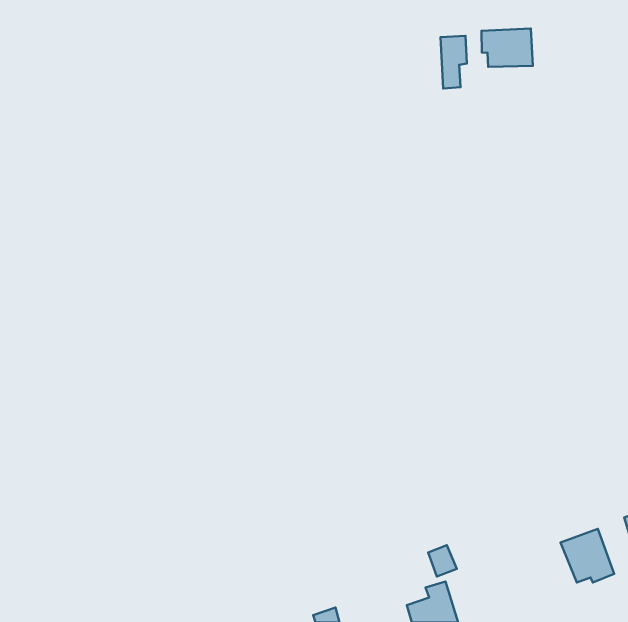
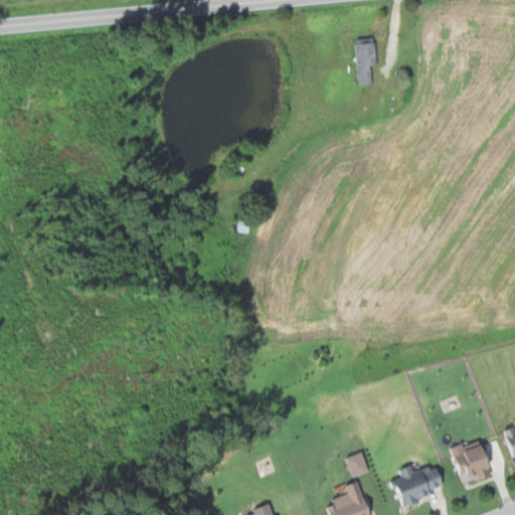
building: [482,28,533,67] -> none
building: none -> [393,465,444,508]

